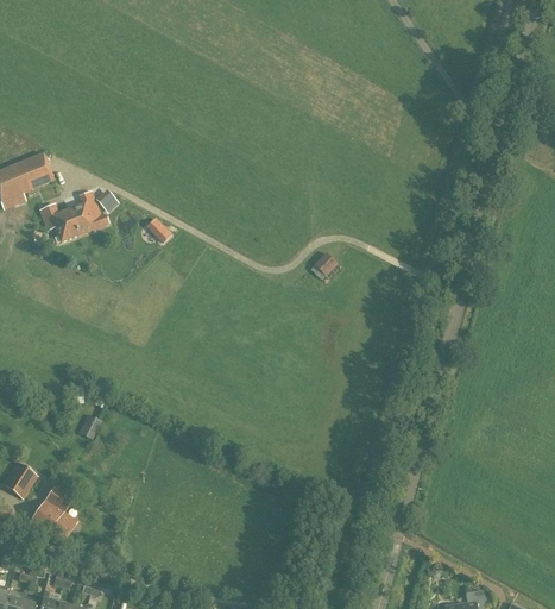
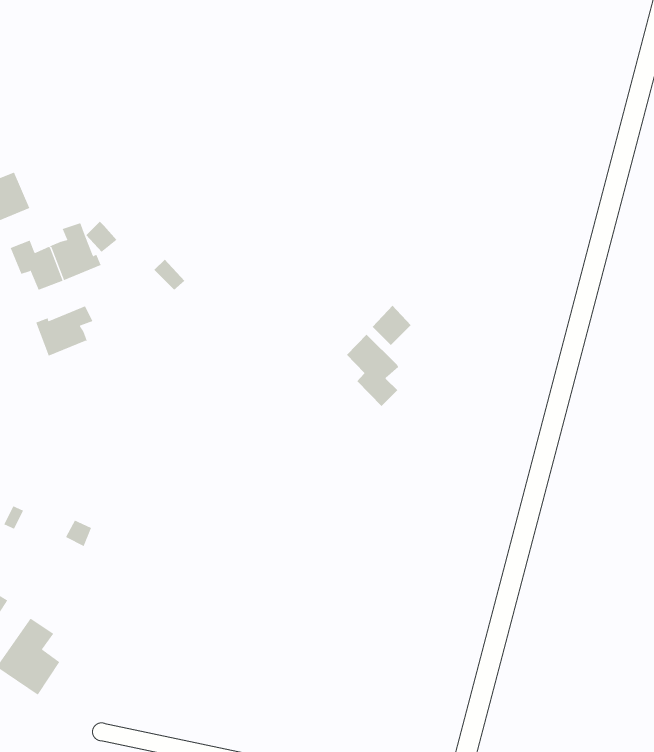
building: none -> [35,305,93,356]
building: none -> [346,334,399,407]

